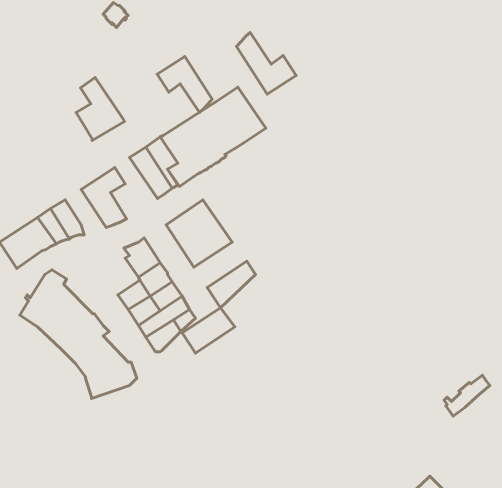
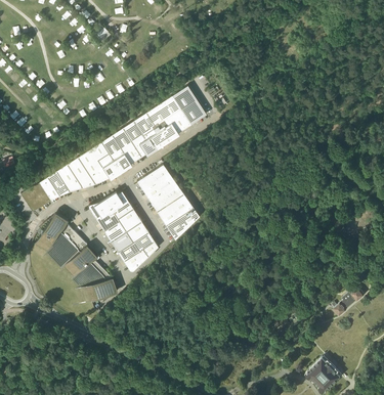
building: [237,32,296,94] -> none
building: [157,57,212,112] -> none
building: [76,78,124,140] -> [98,135,132,179]
building: none -> [67,158,95,189]
building: none -> [88,199,119,231]
building: [182,308,235,353] -> [157,194,194,226]

